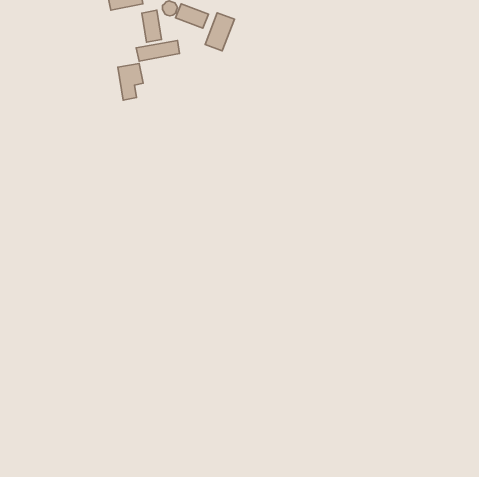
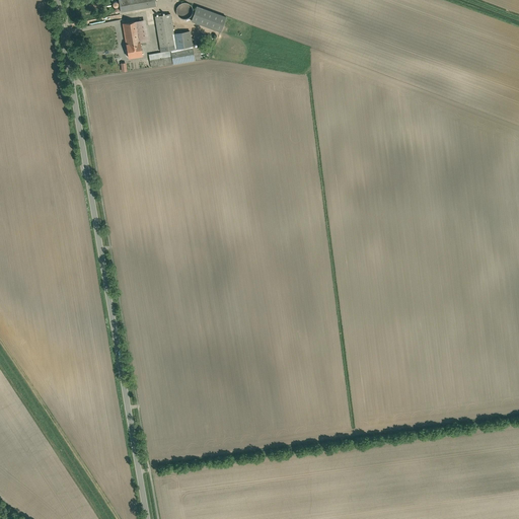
building: [205,13,234,51] -> none
building: [118,64,143,100] -> [122,18,149,58]

